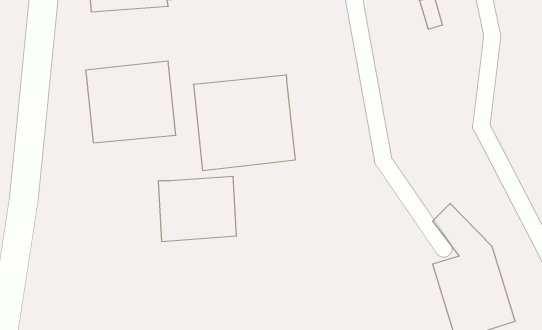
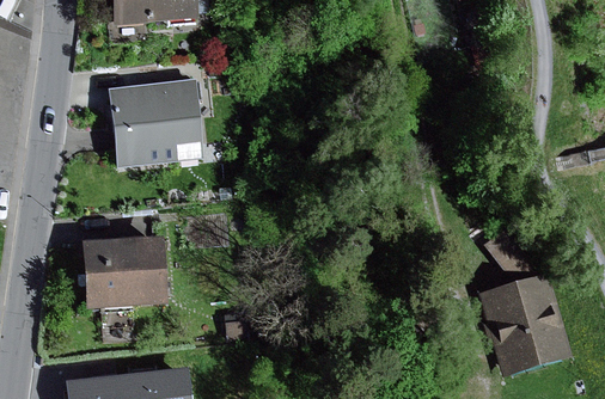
building: [194,75,295,171] -> none
building: [158,176,237,241] -> [79,237,164,307]

